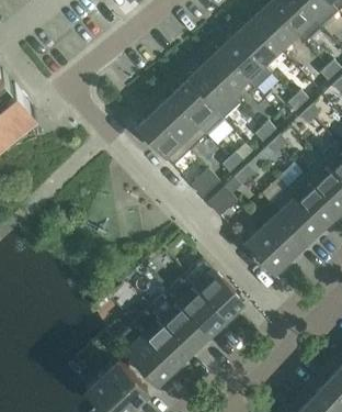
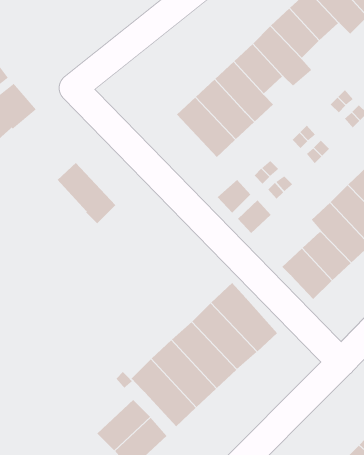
building: [138,113,190,167] -> [57,162,116,224]

